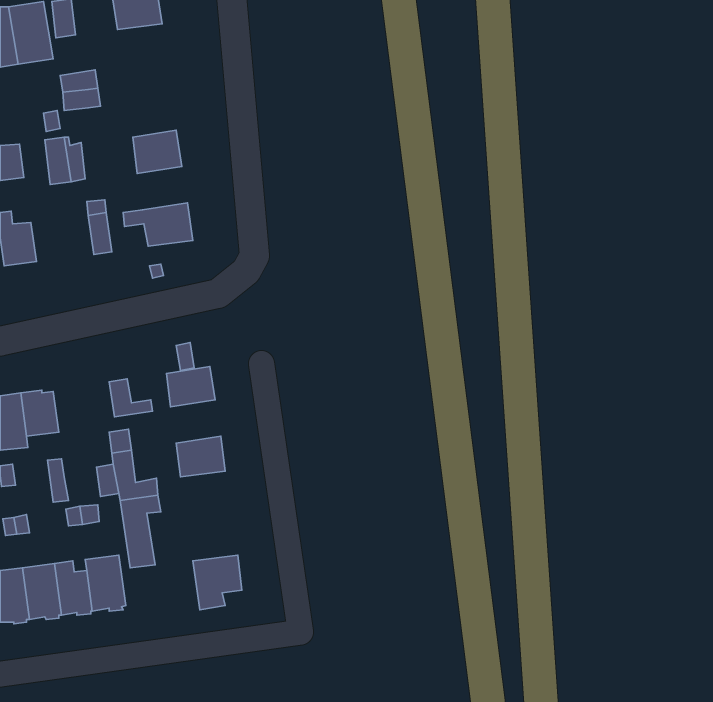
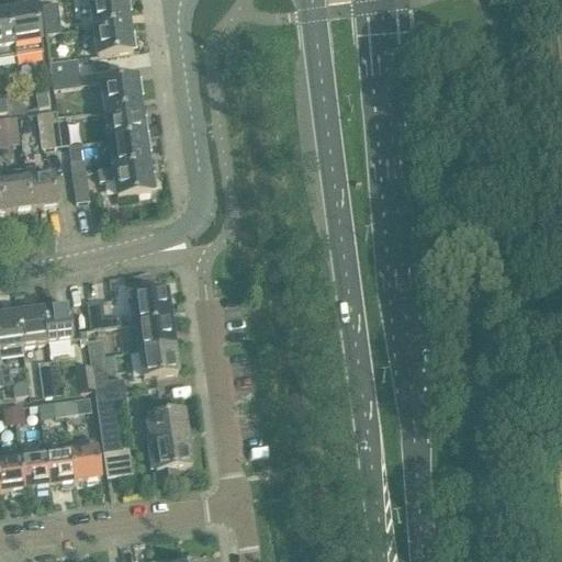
building: none -> [93,19,132,53]
building: none -> [101,74,139,108]
building: none -> [109,131,148,165]
building: none -> [25,170,57,205]
building: none -> [43,302,72,339]
building: none -> [135,314,175,348]
building: none -> [148,408,188,440]
building: none -> [103,442,133,474]

